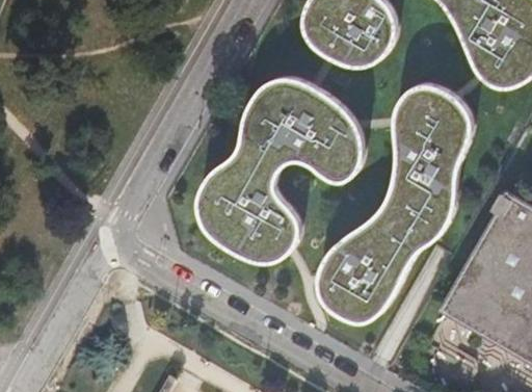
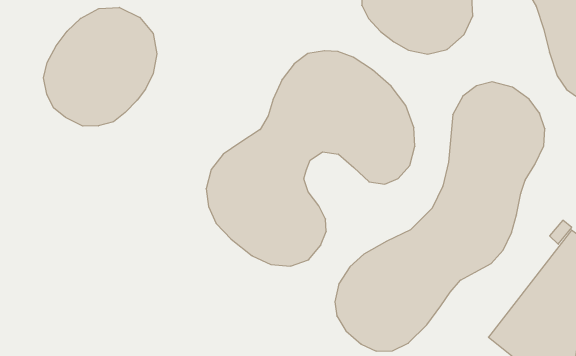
building: none -> [43,7,157,126]

